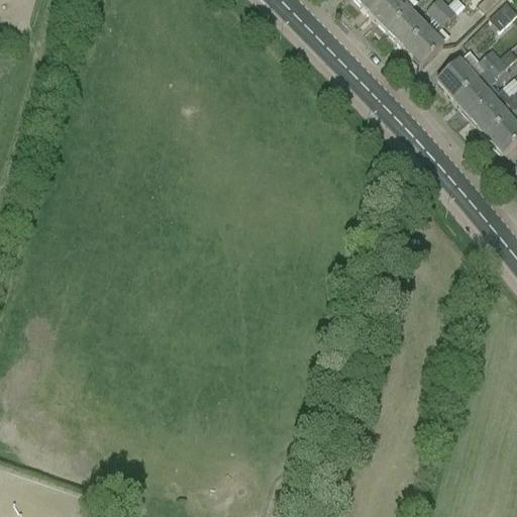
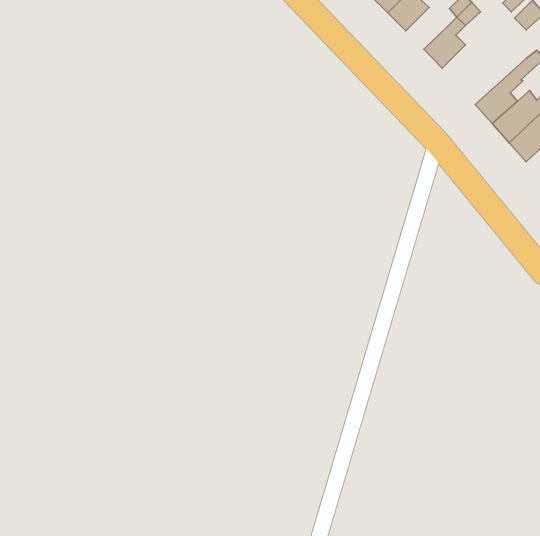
building: [389,7,428,46] -> none
building: [437,47,503,99] -> none

